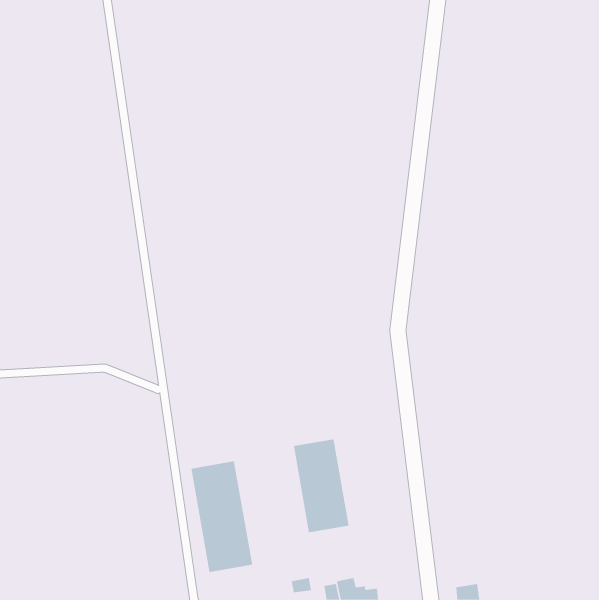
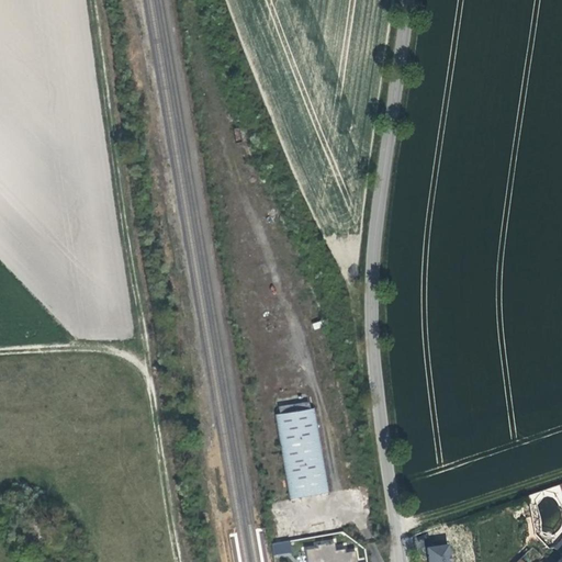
building: [191,460,253,573] -> none

